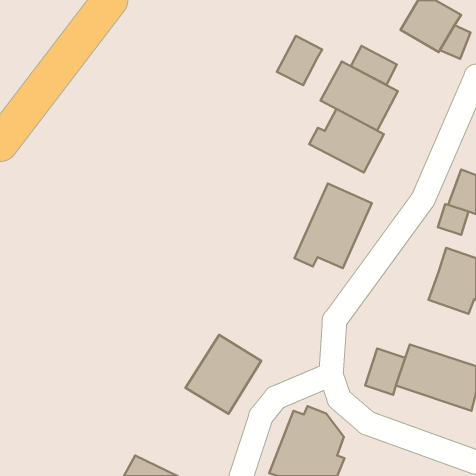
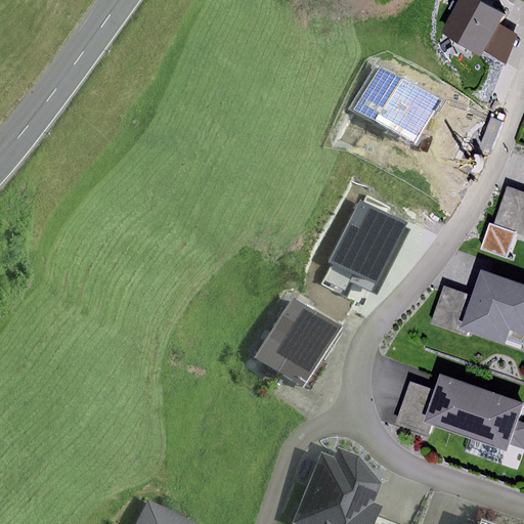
building: [277,36,322,85] -> none
building: [351,46,397,85] -> none
building: [309,109,384,172] -> none
building: none -> [435,286,482,336]
building: [186,335,261,414] -> [256,299,339,386]

